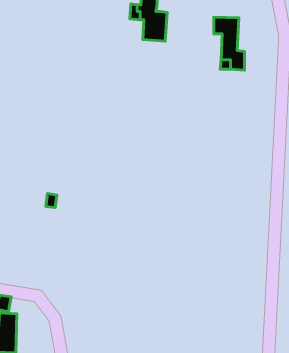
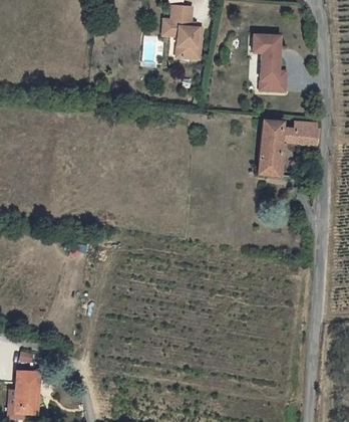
building: none -> [257,122,318,176]

